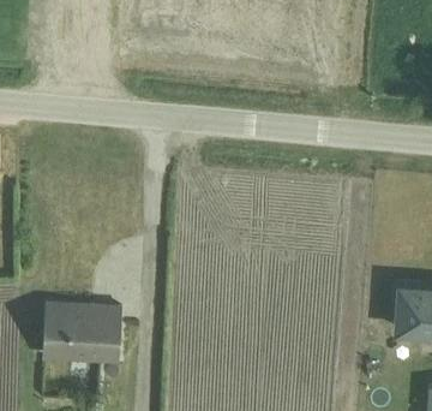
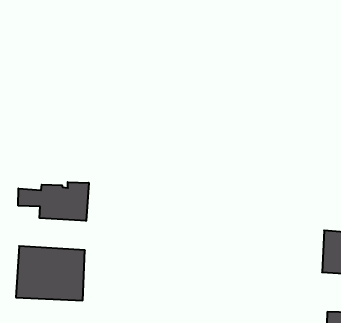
building: none -> [18,182,89,221]

